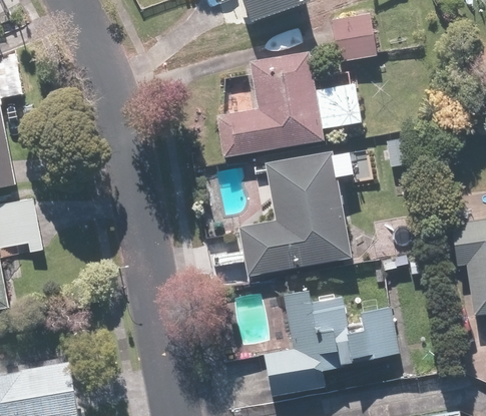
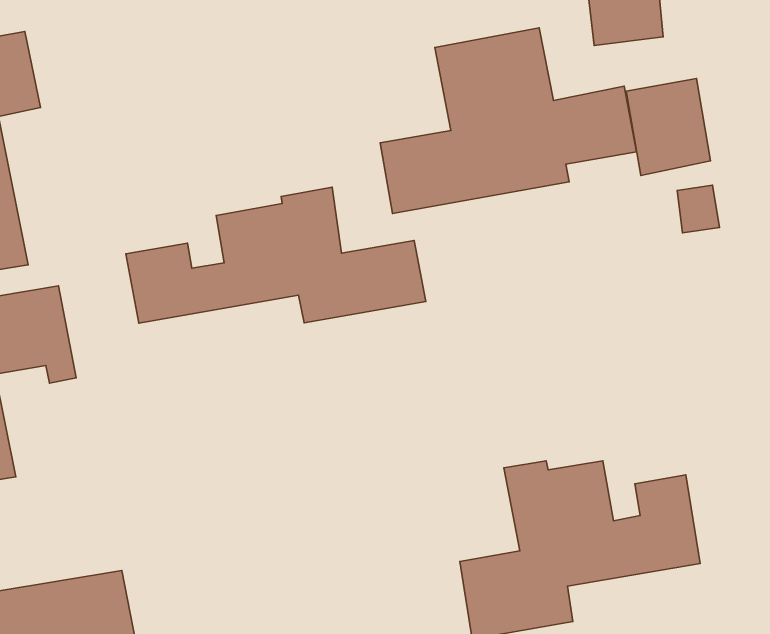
building: none -> [626,78,710,176]
building: none -> [126,187,426,323]
building: [236,150,352,276] -> none

